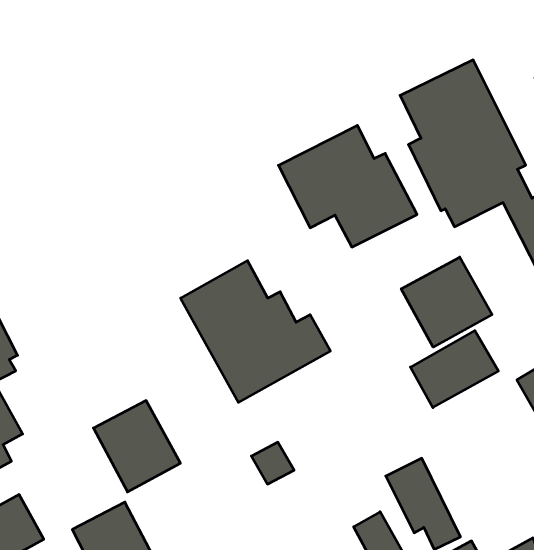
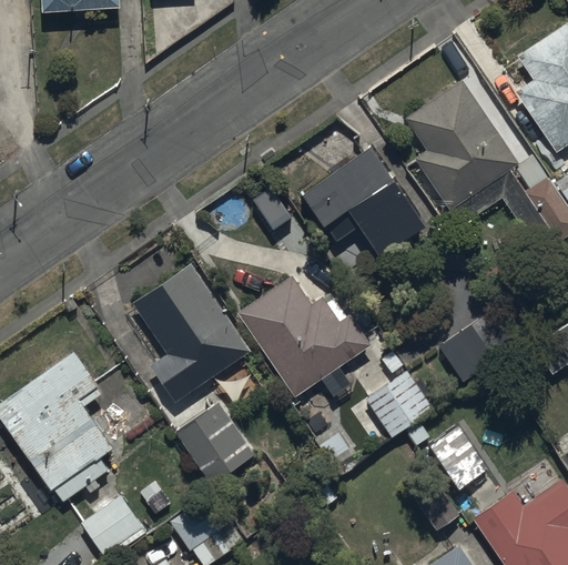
building: none -> [133,263,250,400]
building: [401,257,492,347] -> none
building: none -> [356,373,434,448]

